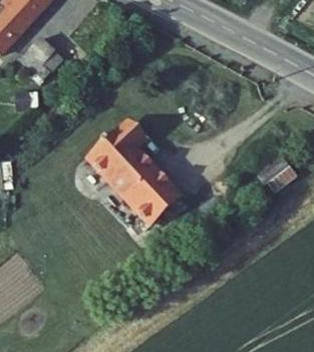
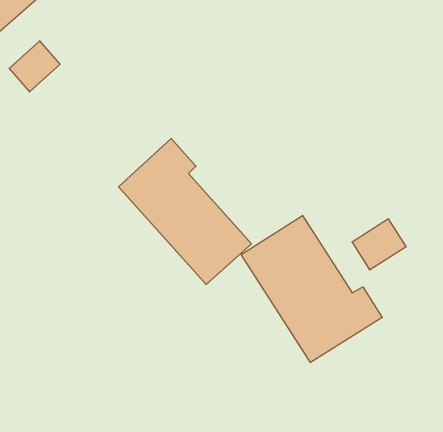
building: none -> [241,215,382,363]

